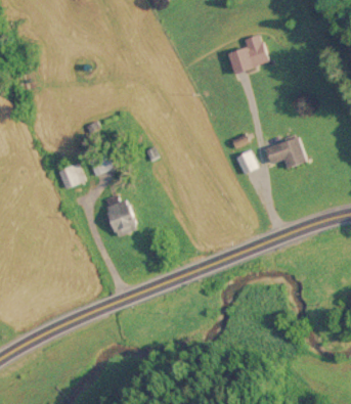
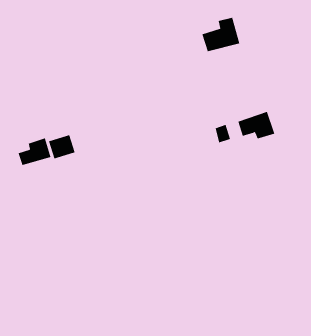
building: none -> [18,138,51,166]
building: [106,197,135,234] -> none

